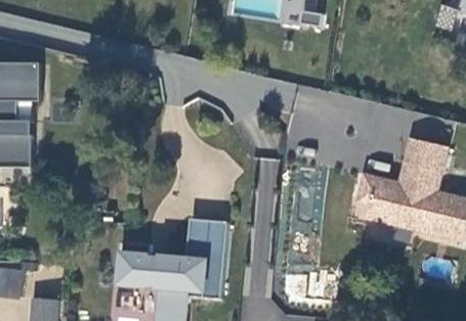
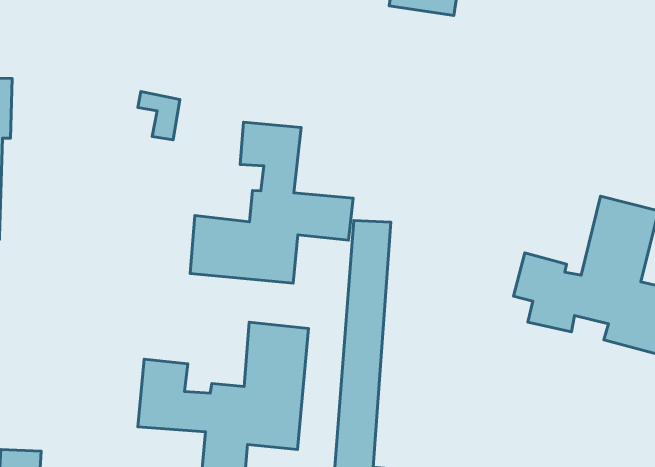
building: none -> [190,122,353,283]

